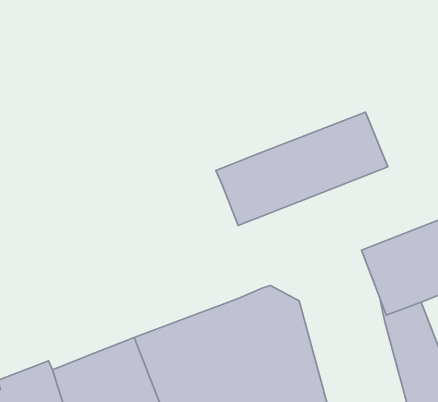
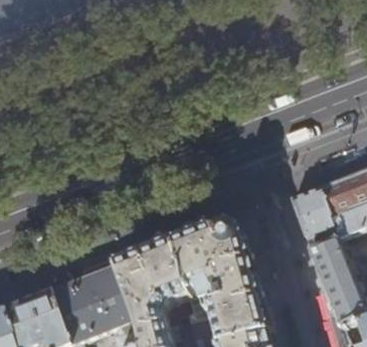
building: [216,112,388,225] -> none

